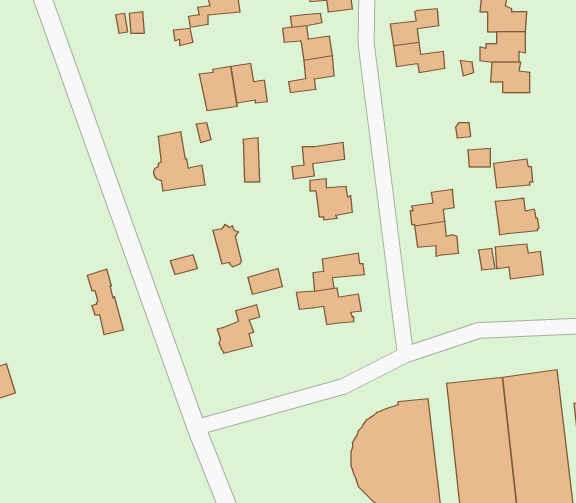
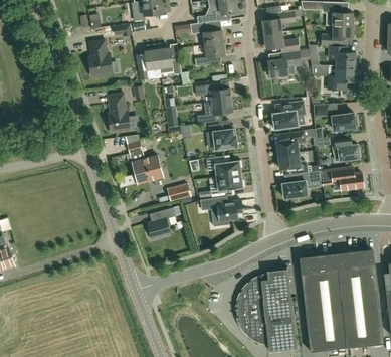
building: none -> [85,39,113,76]
building: none -> [266,50,301,77]
building: none -> [328,66,355,90]
building: none -> [196,83,231,103]
building: none -> [271,101,306,130]
building: none -> [207,156,242,177]
building: none -> [280,171,319,198]
building: [87,269,124,335] -> [127,140,151,183]

